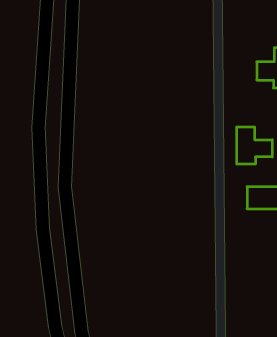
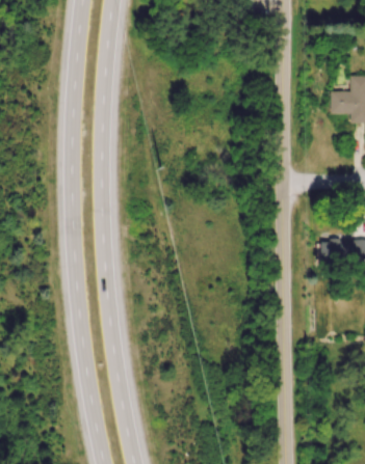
building: [237,127,272,164] -> none

